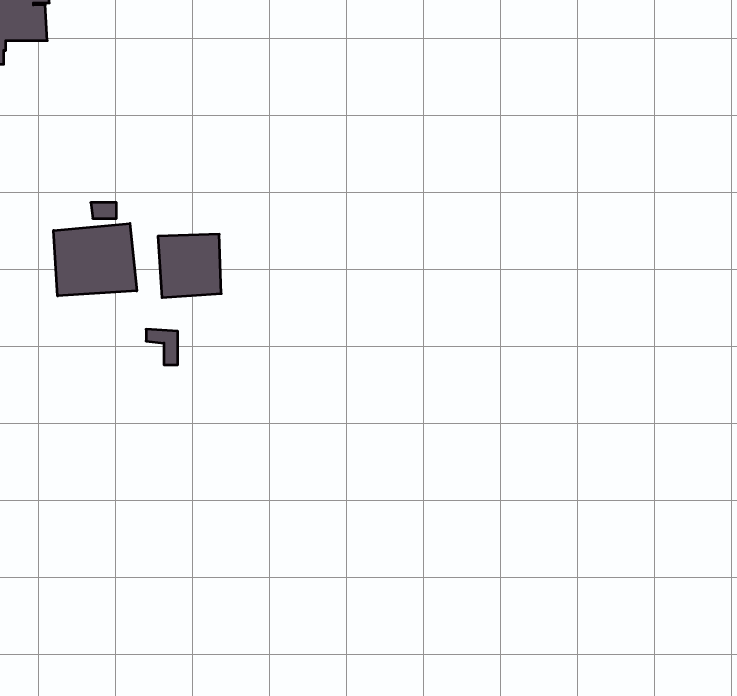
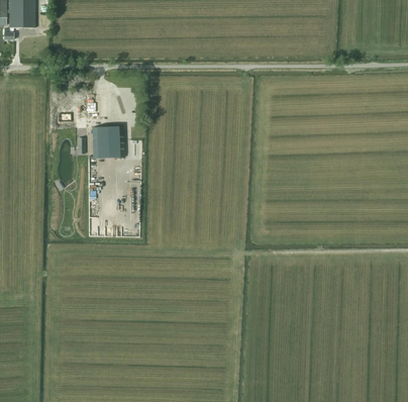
building: [54,223,137,296] -> none

